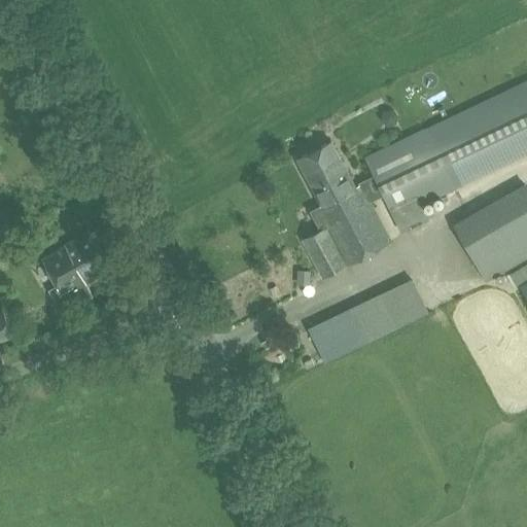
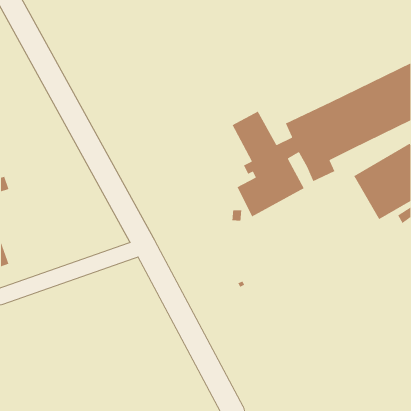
building: [44,232,111,313] -> none
building: [307,278,429,364] -> none

